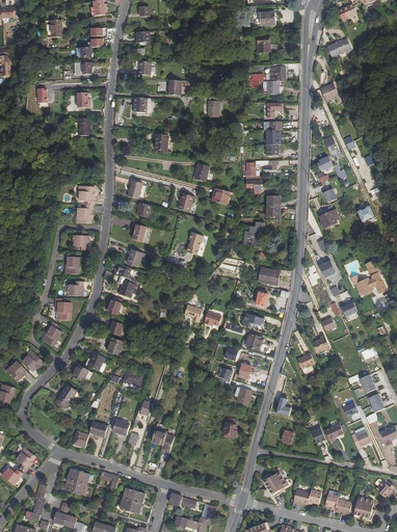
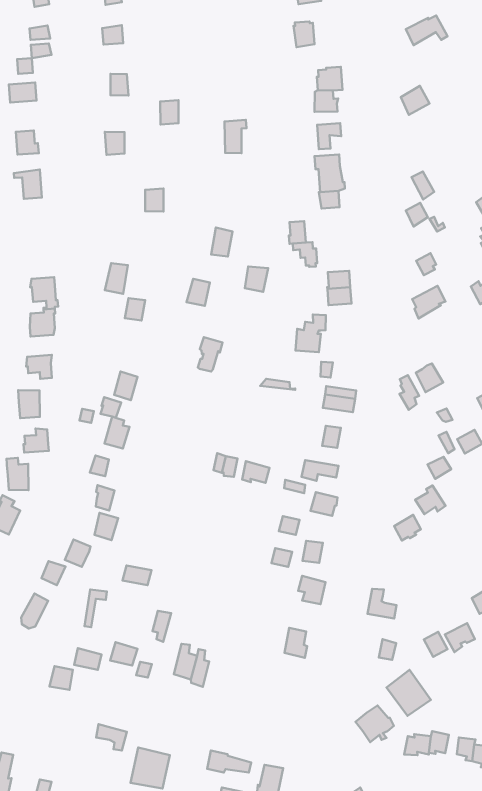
building: none -> [387,670,431,716]
building: [64,468,90,494] -> none

